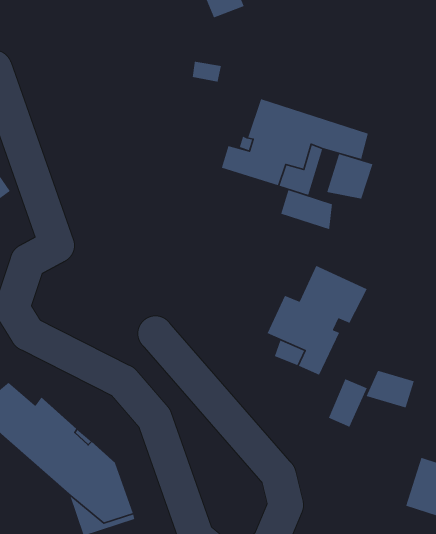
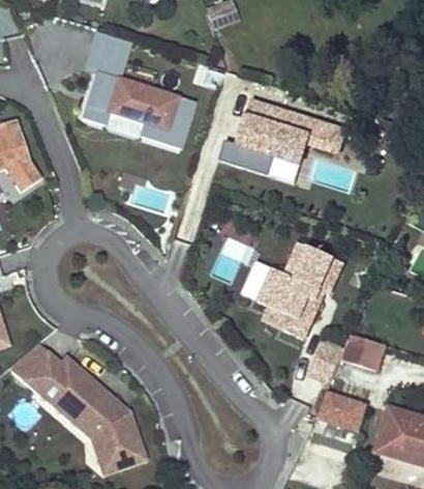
building: none -> [81,29,194,146]
building: [326,153,373,200] -> none
building: [280,189,333,230] -> none
building: none -> [320,389,369,429]

